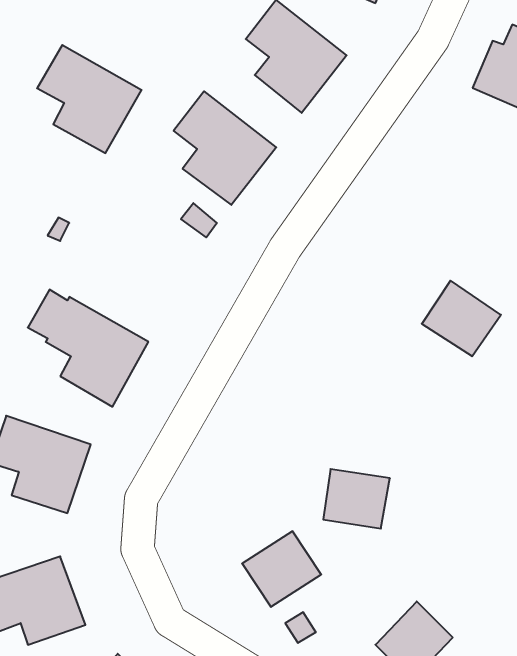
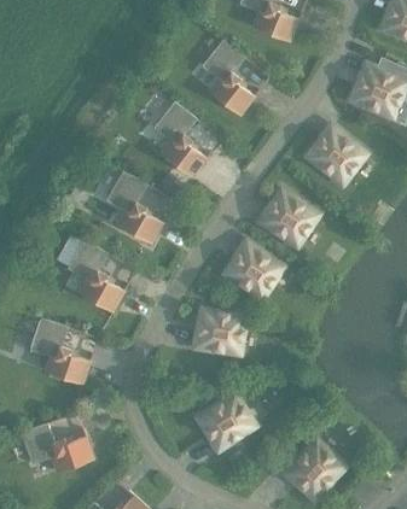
building: [37,45,142,153] -> [101,171,171,244]
building: none -> [306,129,359,181]
building: [422,281,501,356] -> [258,192,312,242]
building: none -> [223,245,277,296]
building: [323,469,390,529] -> [194,311,239,351]

